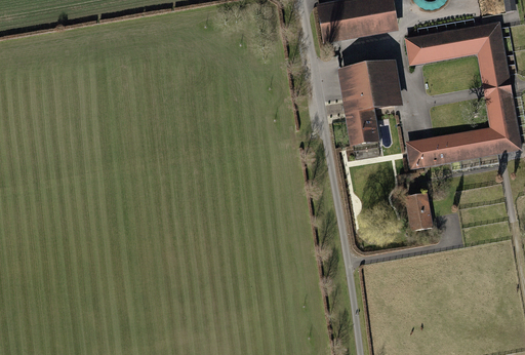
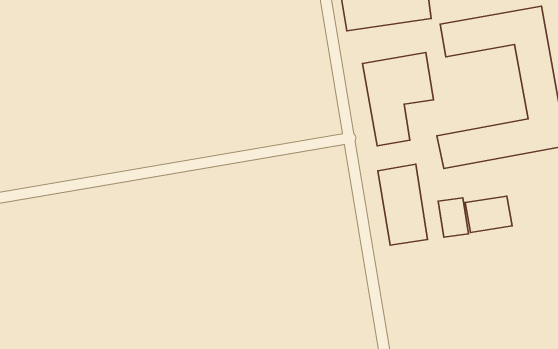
building: none -> [378,164,428,245]
building: none -> [465,196,512,232]

